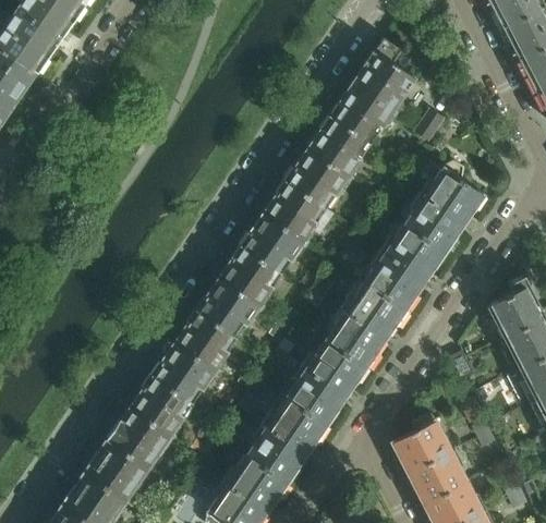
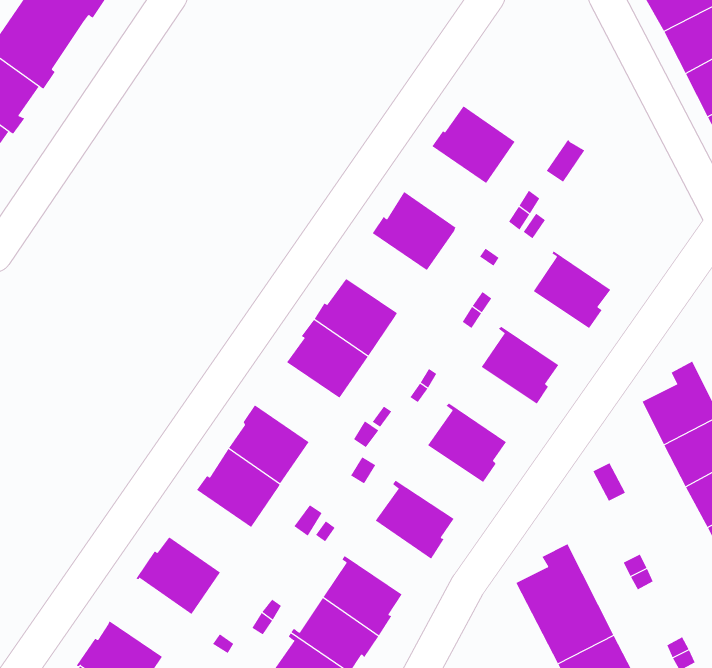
building: [353,38,415,111] -> none
building: [308,114,371,175] -> none
building: [421,161,486,222] -> none
building: [265,180,326,240] -> none
building: [381,223,448,279] -> none
building: [196,277,260,337] -> none
building: [342,280,409,337] -> none
building: [302,339,368,394] -> none
building: [132,373,194,435] -> none
building: [264,396,329,451] -> none
building: [84,439,149,498] -> none

